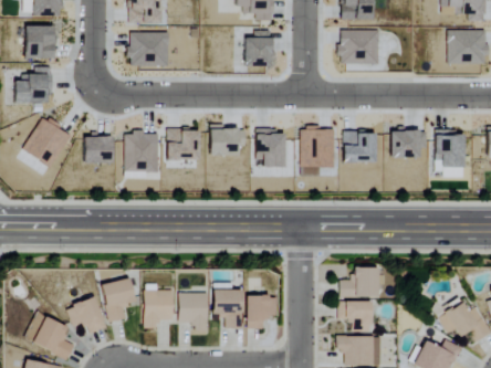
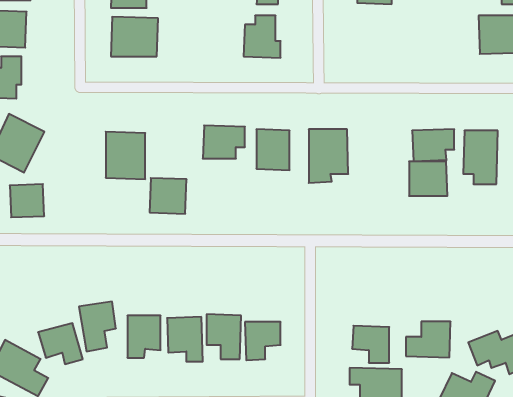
building: [339,30,379,65] -> none
building: [167,128,199,159] -> [150,178,187,214]
building: [343,132,376,161] -> [409,161,447,196]
building: [83,135,113,164] -> [10,184,44,217]
building: [339,266,378,297] -> [406,322,451,357]

